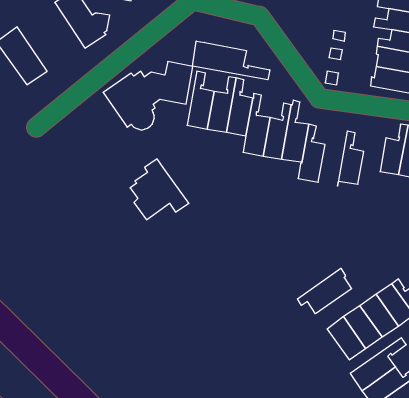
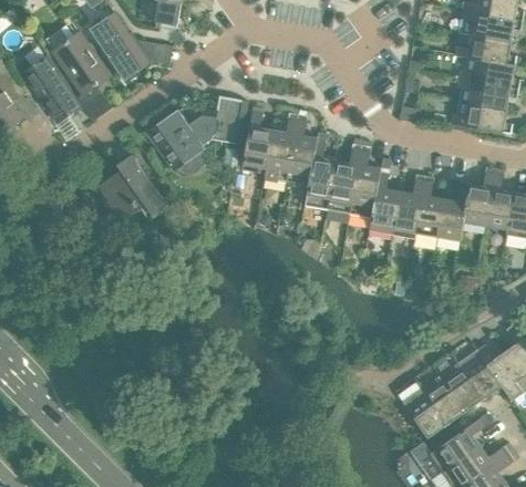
building: none -> [51,32,111,95]
building: [192,41,270,80] -> none
building: none -> [392,175,425,239]
building: none -> [437,183,470,241]
building: [130,159,189,220] -> [100,155,167,225]
building: [297,268,352,314] -> none

